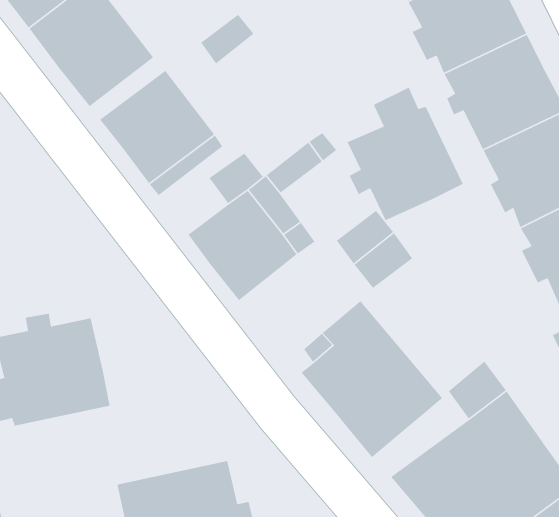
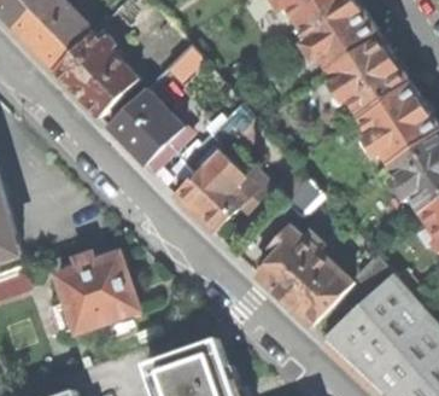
building: [347,86,464,221] -> none

